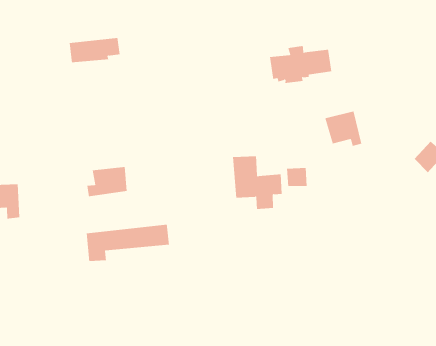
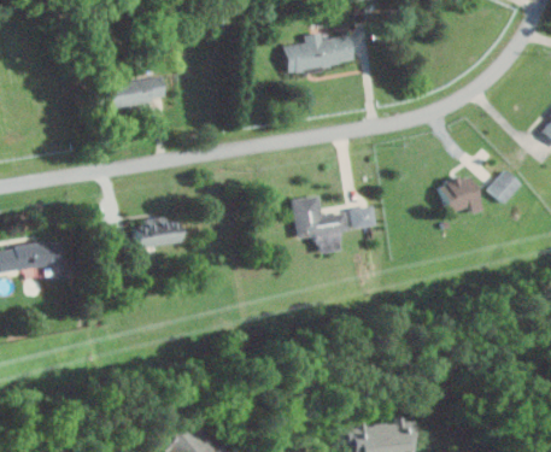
building: [269,45,332,84] -> [286,31,354,74]
building: [325,111,362,146] -> [441,174,483,212]
building: [86,224,169,262] -> none

